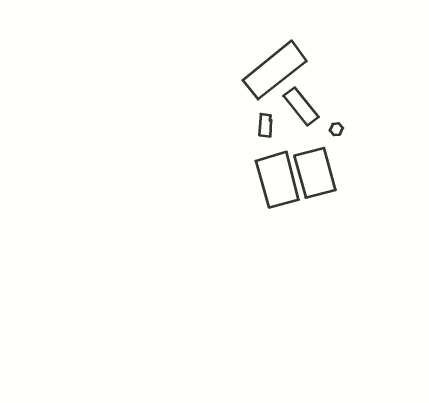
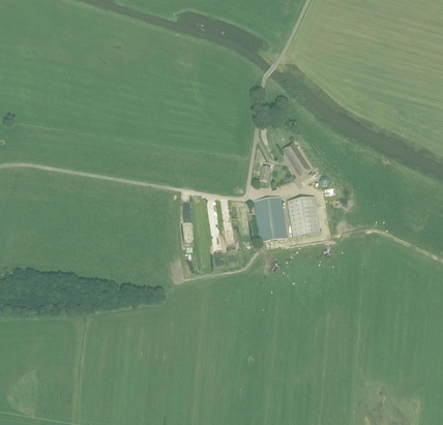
building: [243,41,306,99] -> none

